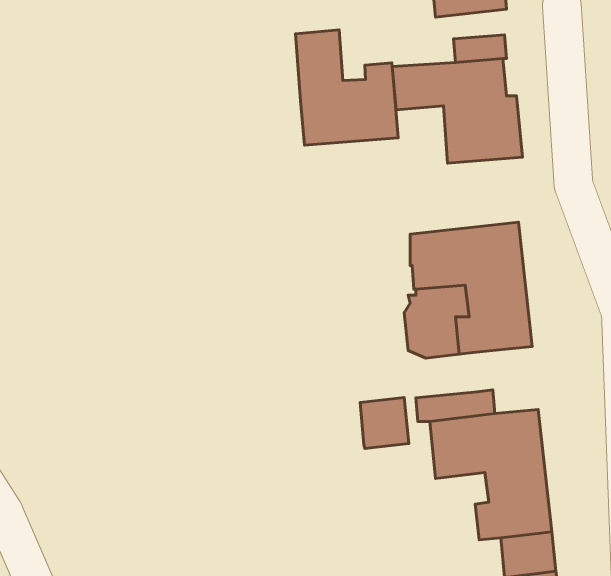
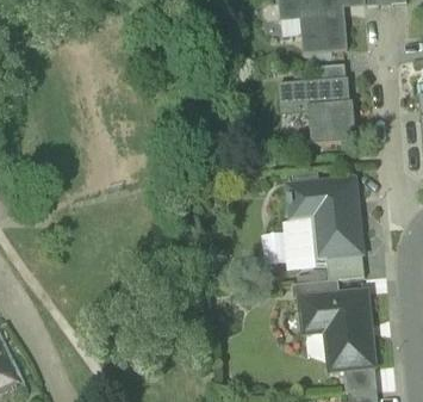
building: [296,30,398,145] -> none
building: none -> [326,252,365,279]
building: [360,397,409,448] -> none

